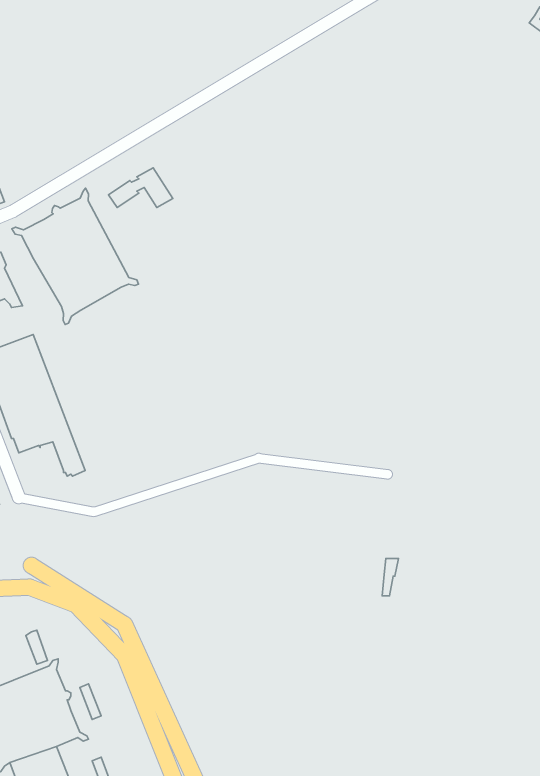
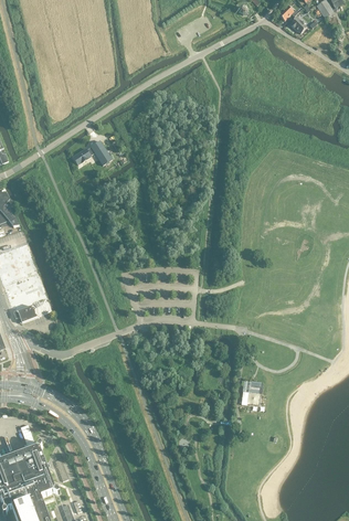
building: [12,188,139,324] -> none

